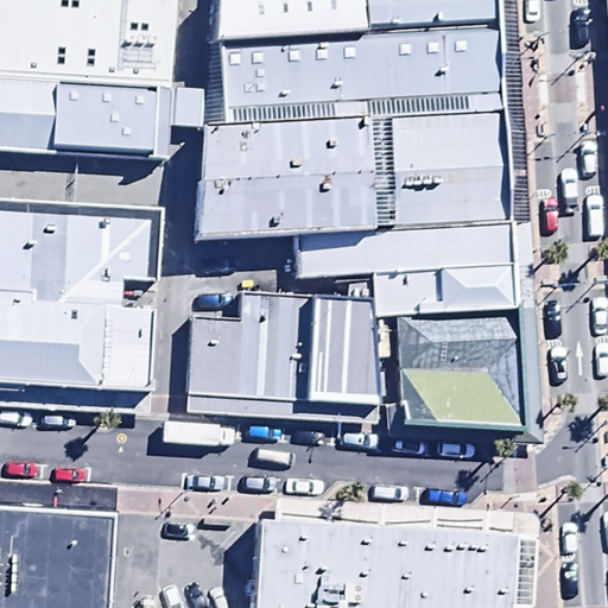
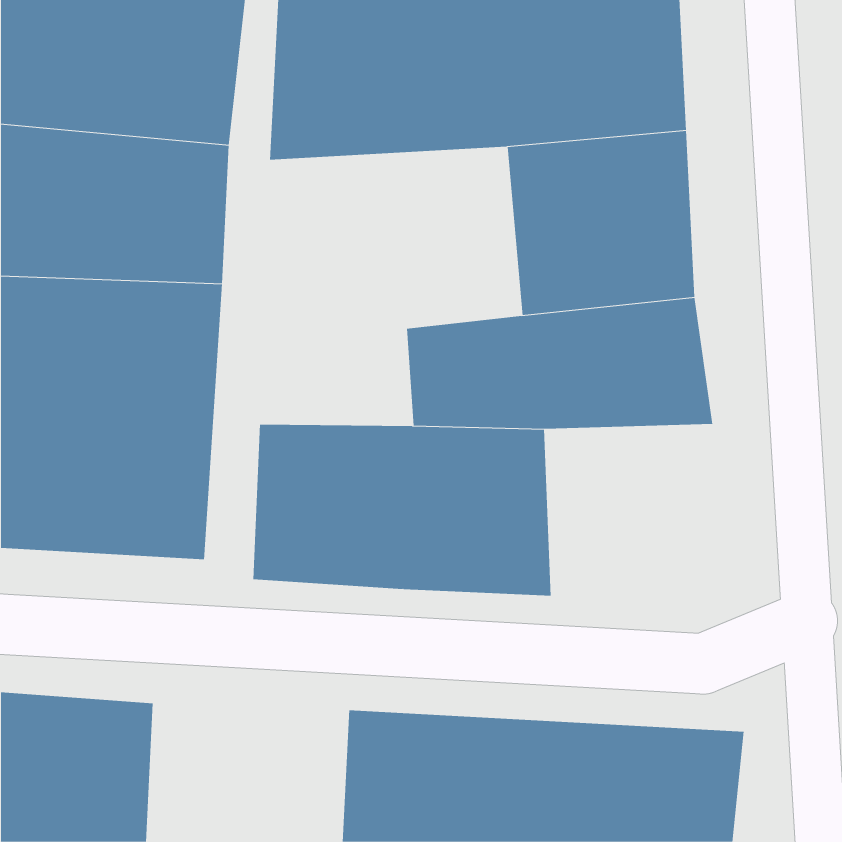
building: [188,106,376,243] -> none
building: [393,305,521,430] -> none

